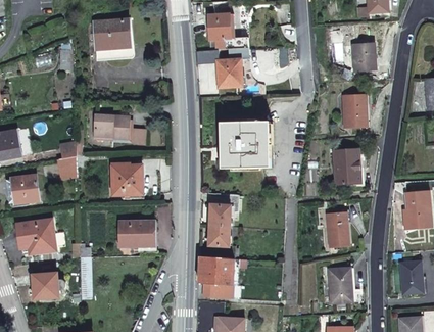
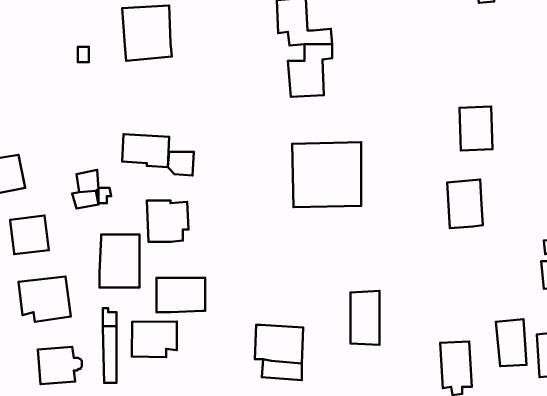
building: [353,43,376,69] -> none
building: none -> [100,235,139,287]
building: [207,204,229,244] -> [351,291,380,345]
building: [327,211,349,246] -> [496,319,526,366]
building: none -> [132,322,177,357]

